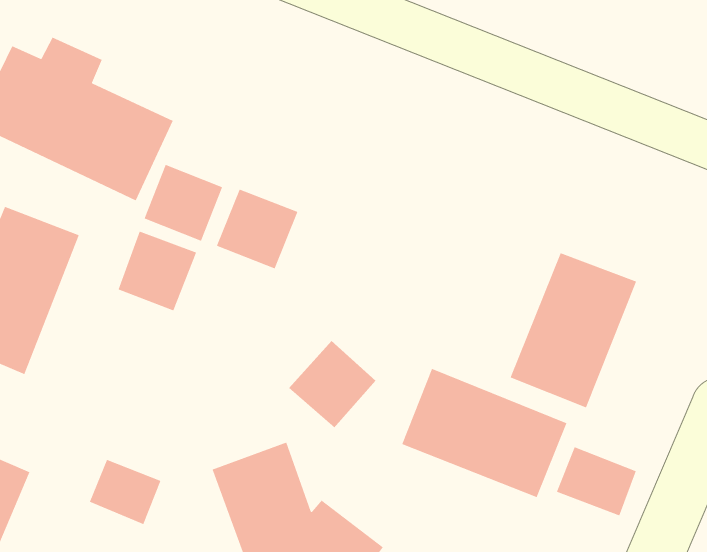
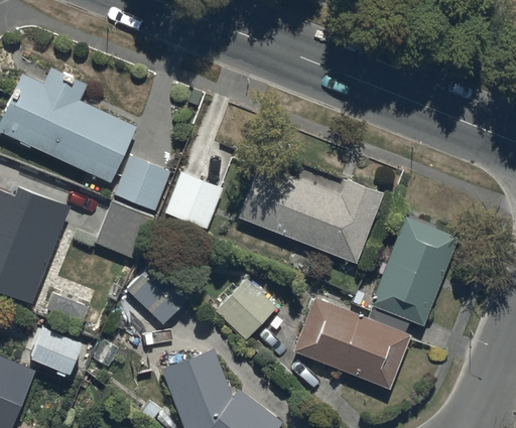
building: none -> [238,164,383,264]
building: none -> [126,261,190,324]
building: [556,446,637,517] -> none
building: [89,459,161,525] -> [30,326,81,373]

